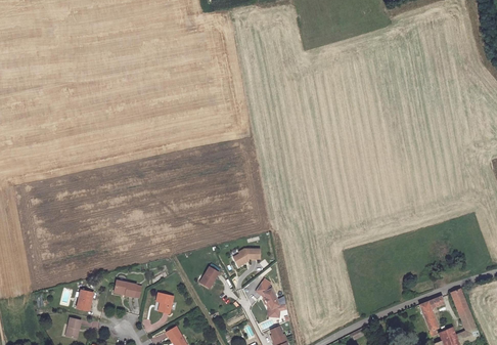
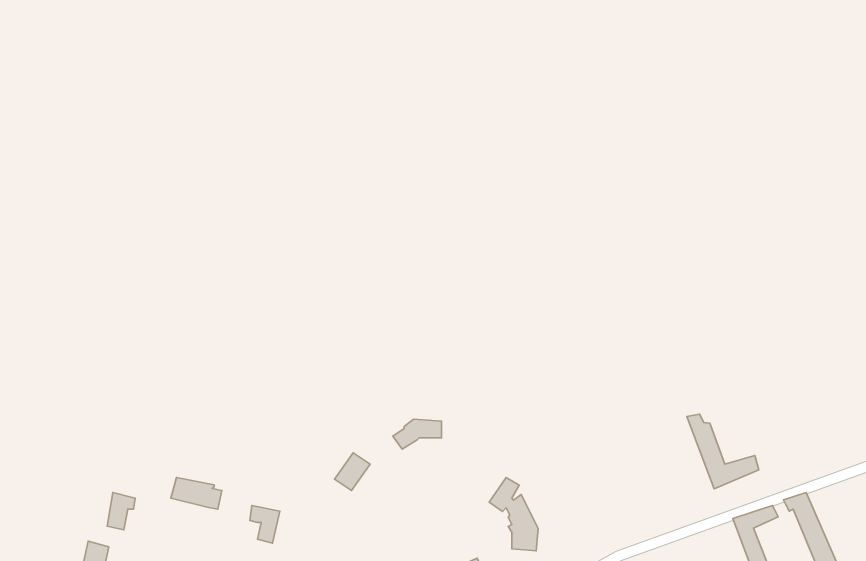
building: none -> [687,414,759,489]
building: [255,278,281,318] -> [489,478,538,551]

